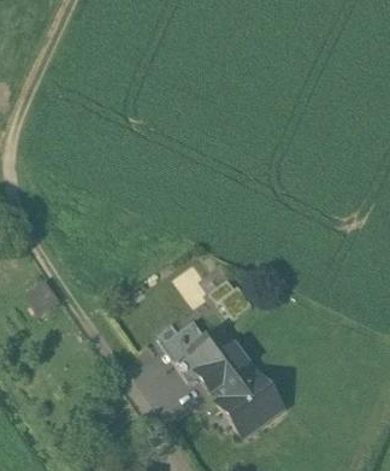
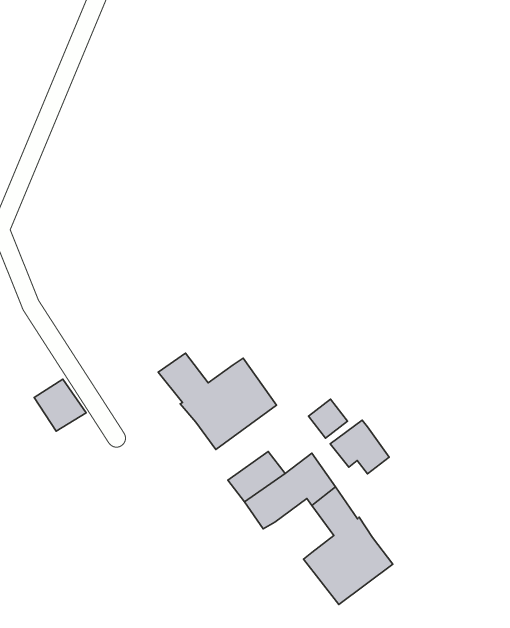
building: none -> [158,353,276,449]
building: [199,359,241,398] -> [330,420,389,474]

